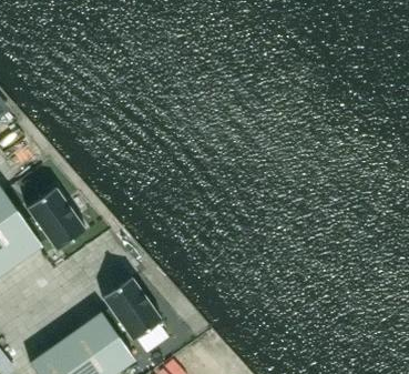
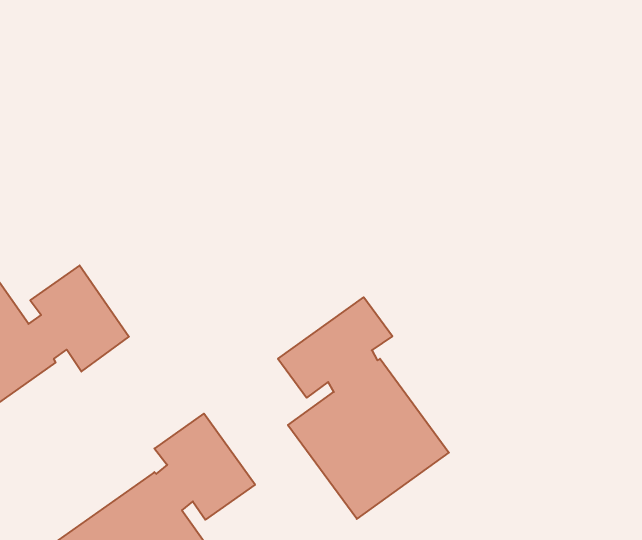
building: none -> [278,297,449,519]

